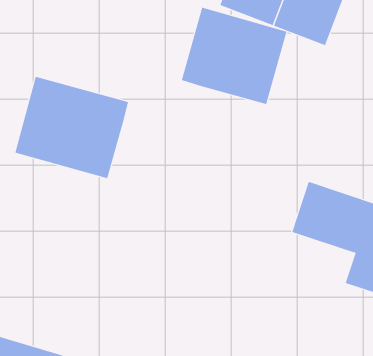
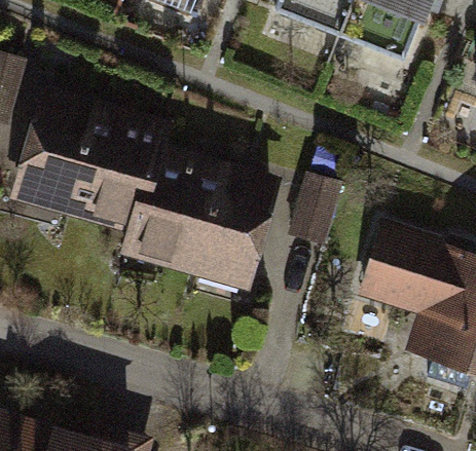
building: [181,7,287,105] -> none
building: none -> [130,150,273,280]

